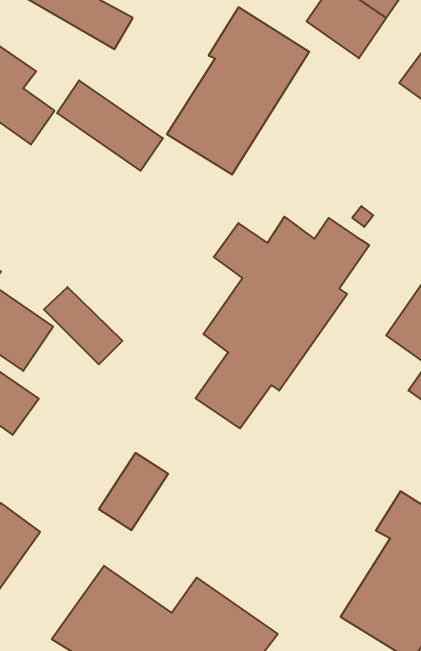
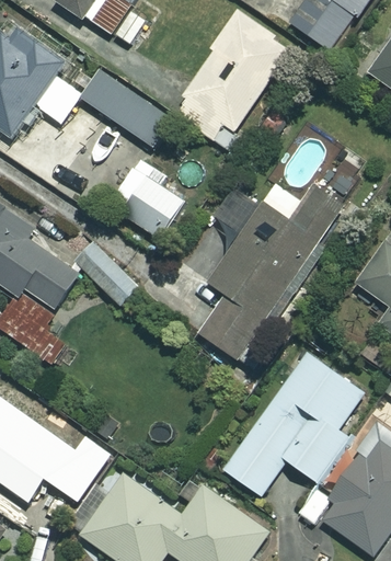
building: none -> [108,157,187,239]
building: none -> [223,351,365,495]
building: [99,453,168,530] -> [54,436,112,501]

